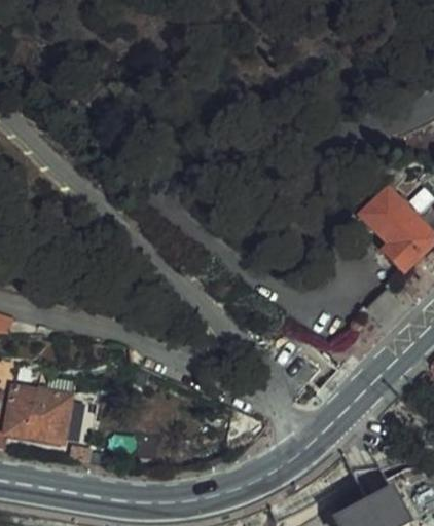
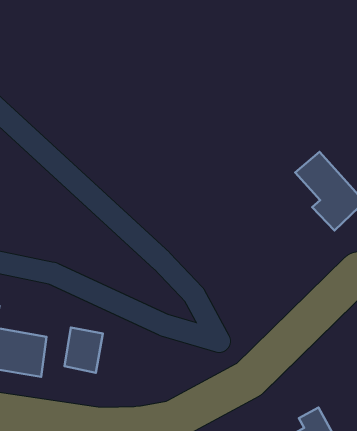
building: none -> [64,328,103,373]

